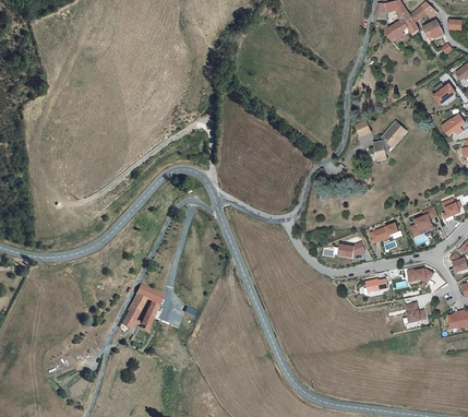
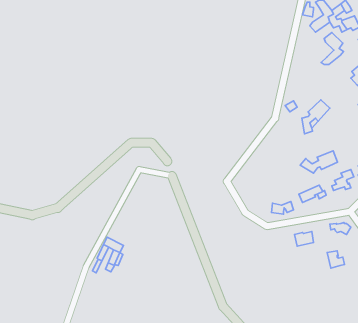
building: none -> [321,32,344,65]
building: none -> [300,151,337,173]

